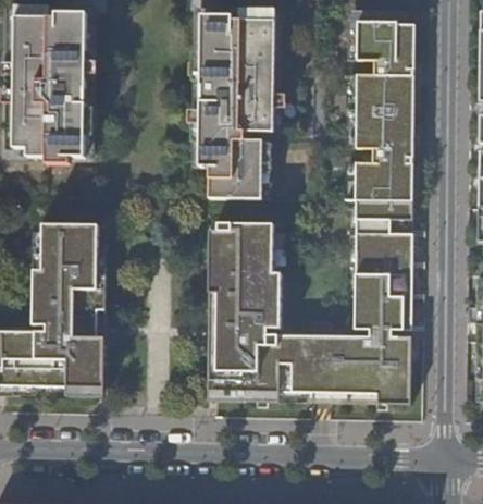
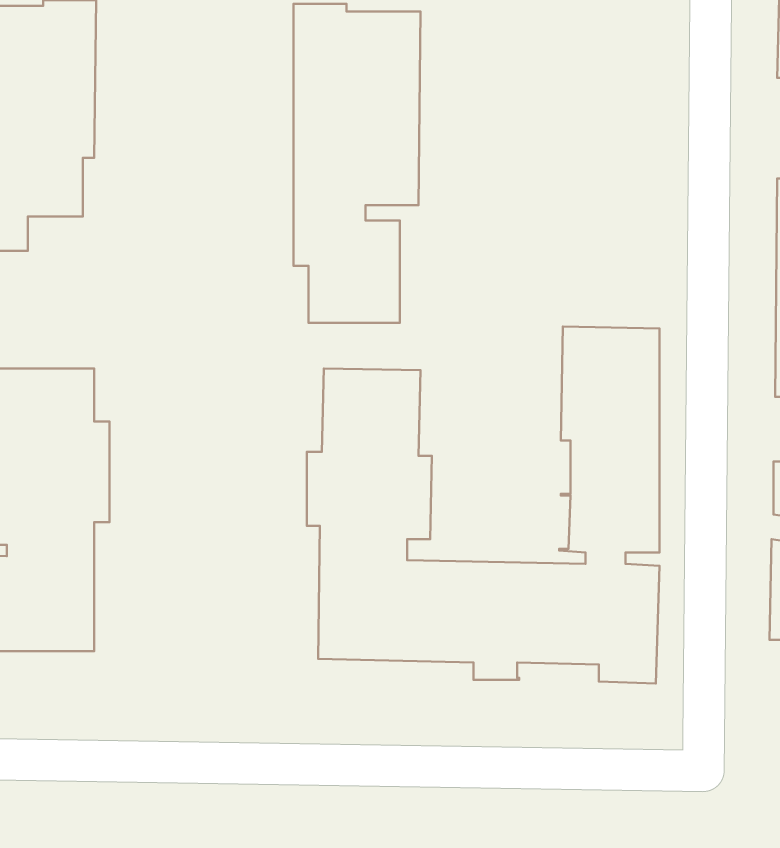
building: [355,22,416,202] -> none

